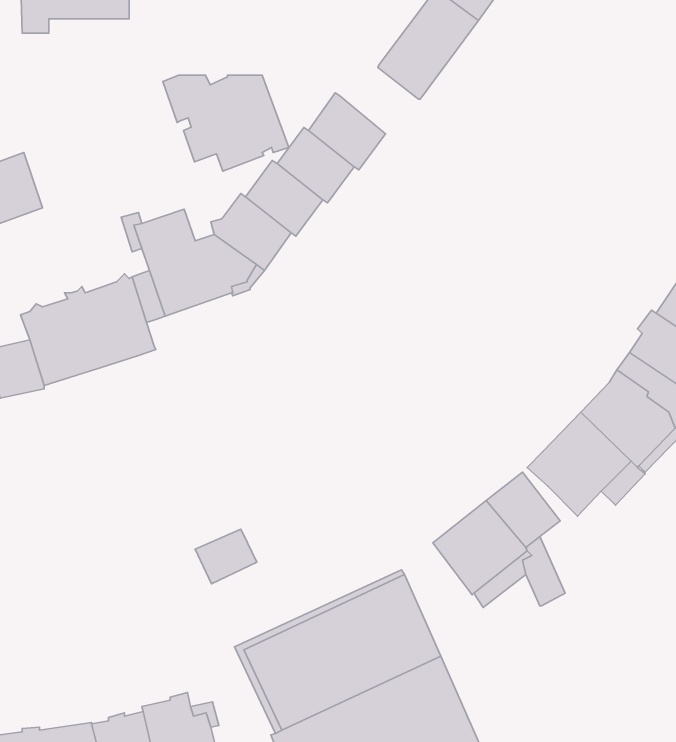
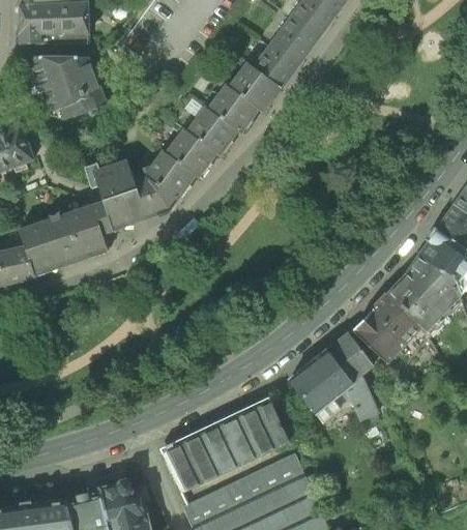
building: none -> [228,62,280,113]
building: [163,75,289,171] -> [24,57,107,120]
building: [195,529,257,584] -> none

